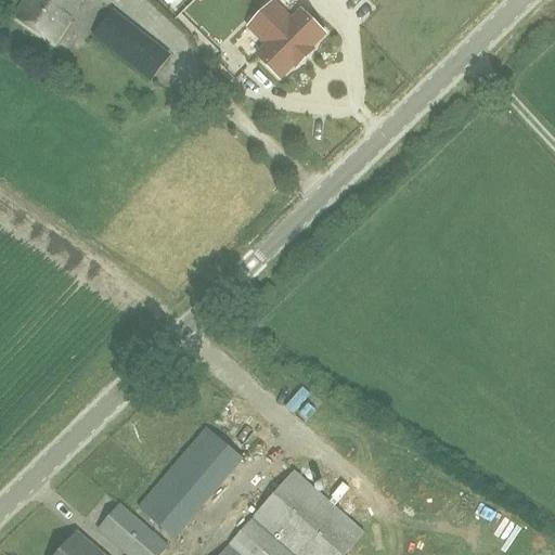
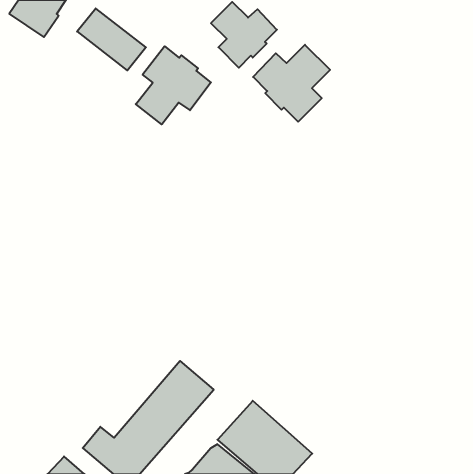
building: none -> [253,45,330,122]
building: none -> [136,46,211,124]

